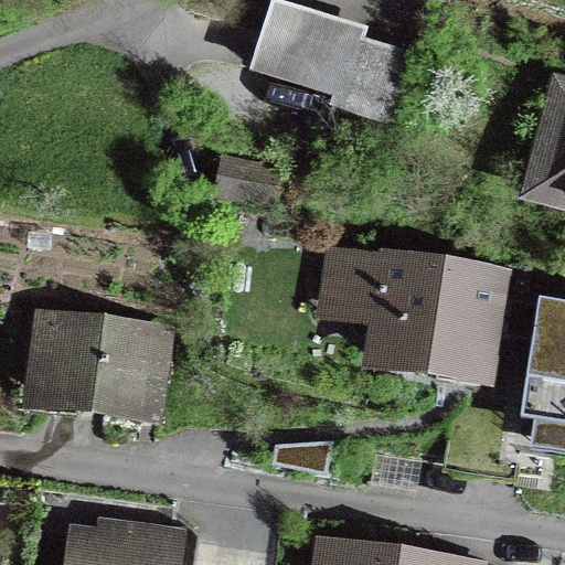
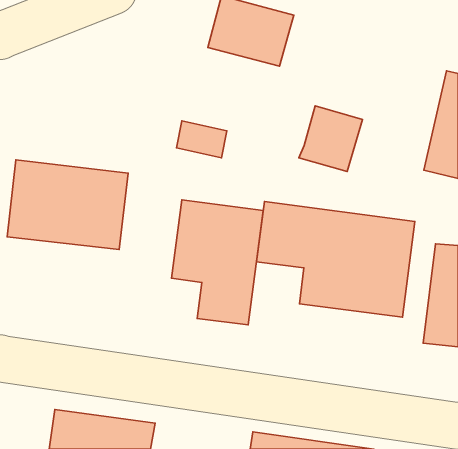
building: [338,33,416,114] -> [299,106,363,171]
building: none -> [171,200,263,325]
building: [22,315,171,425] -> [7,160,128,249]

